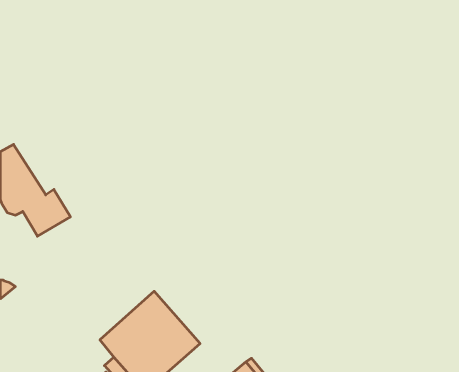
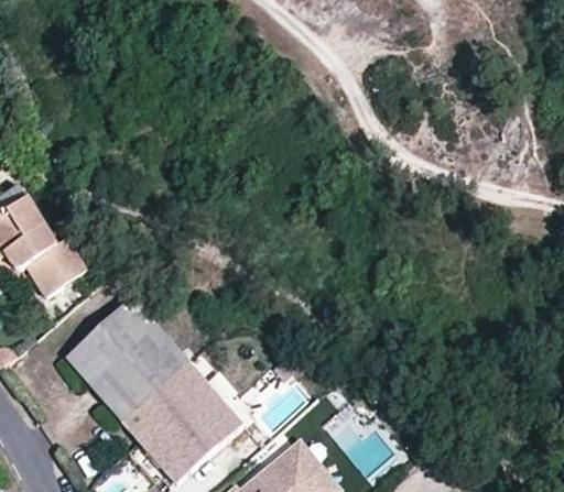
building: none -> [65,297,185,417]

